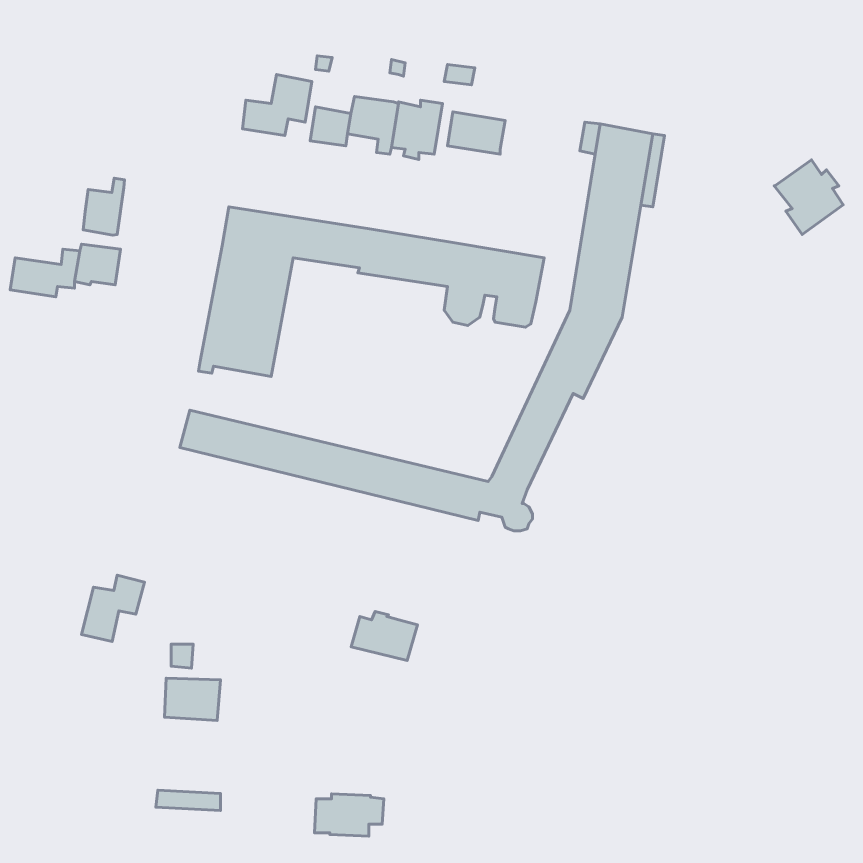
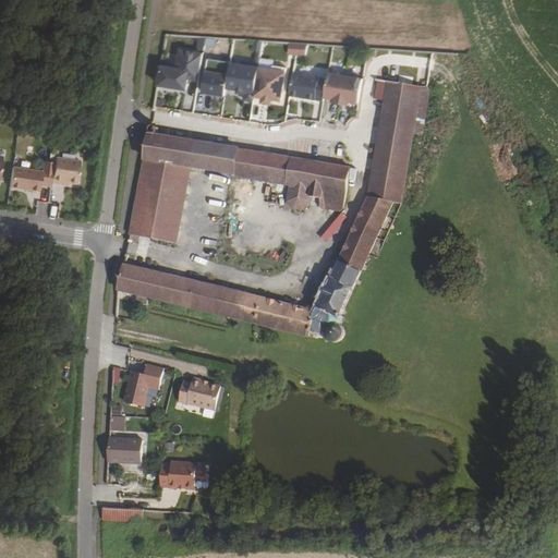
building: none -> [322,72,360,104]
building: [774,160,843,235] -> none
building: [83,178,124,235] -> none
building: [82,575,144,641] -> [122,363,162,405]
building: [351,611,417,661] -> [177,377,219,409]
building: [314,794,384,836] -> [158,461,203,488]

